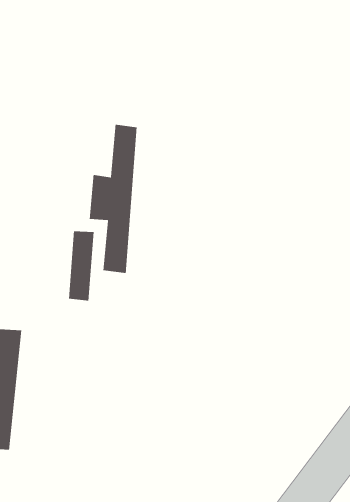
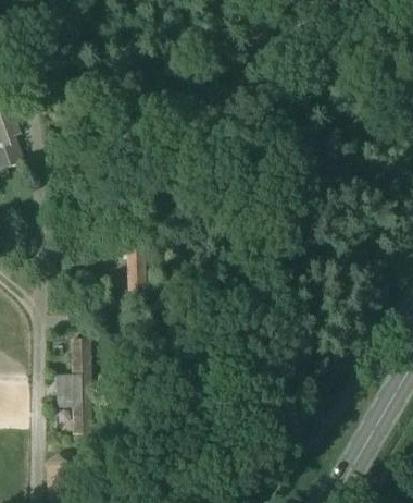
building: [89,124,137,274] -> none

